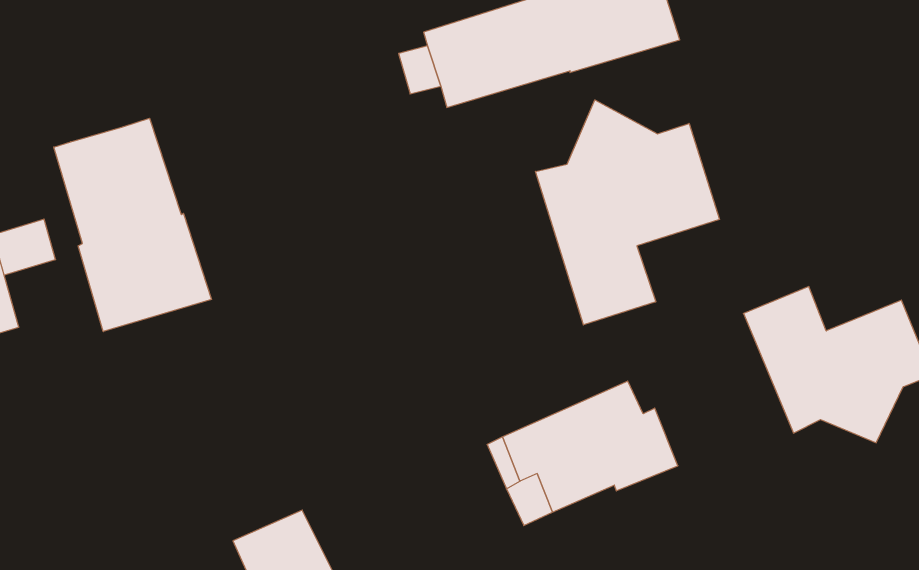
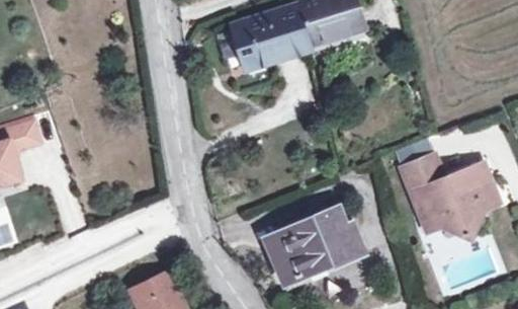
building: [536,100,720,325] -> none
building: [54,118,212,332] -> none

